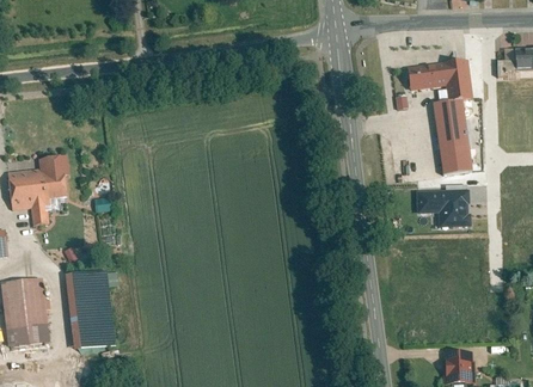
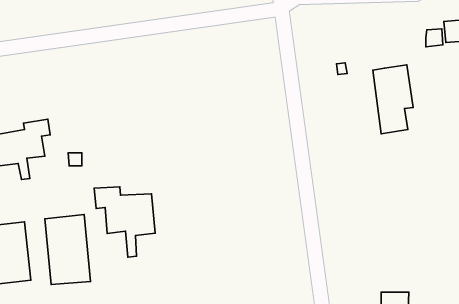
building: [406,55,473,100] -> none
building: [415,189,468,226] -> none
building: none -> [94,187,155,257]

